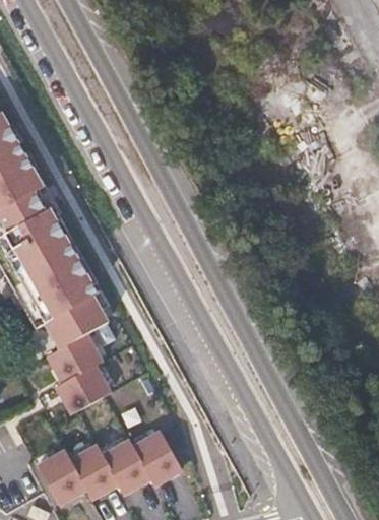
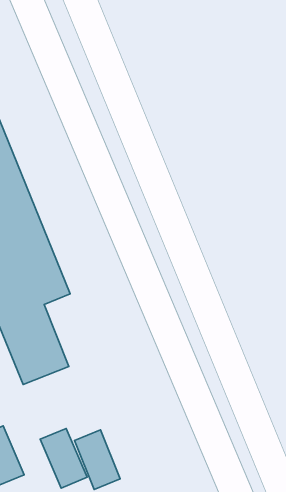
building: [64,445,113,504] -> none

